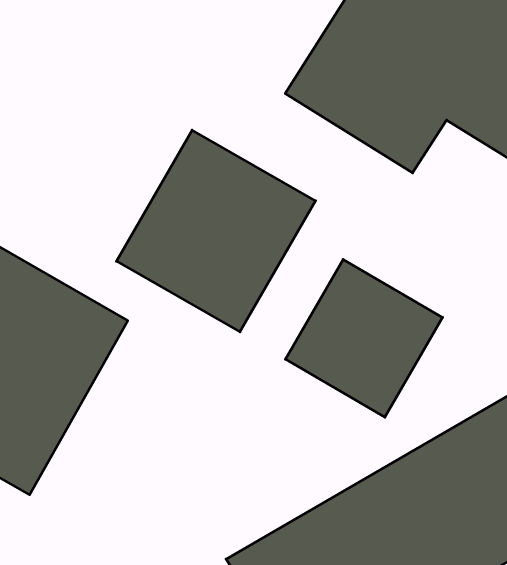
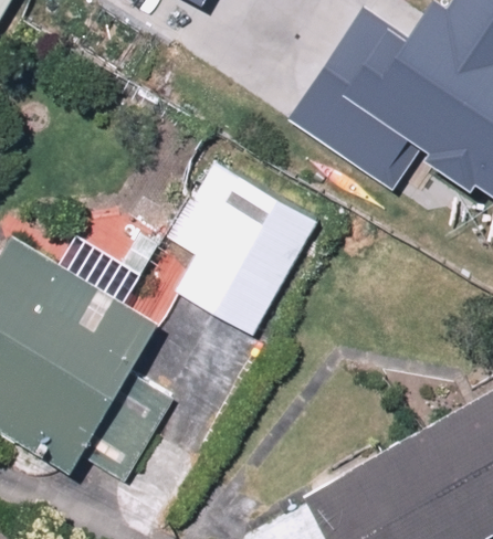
building: [285,259,443,417] -> none

